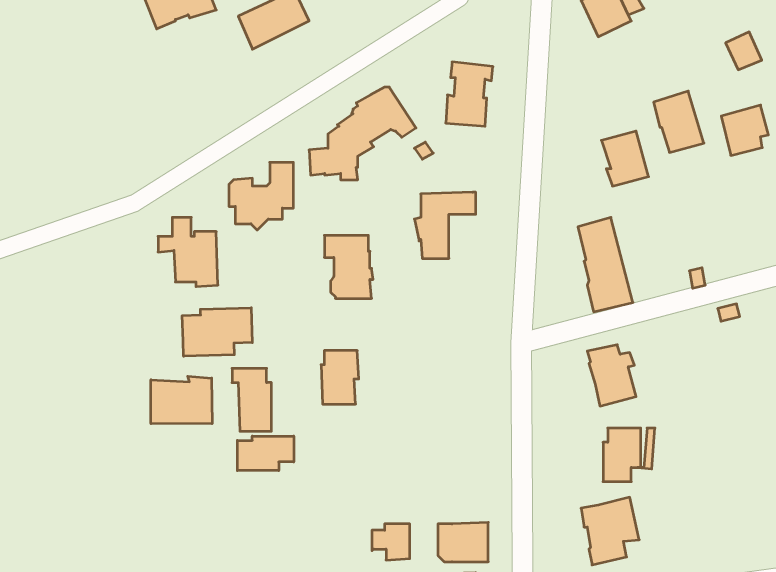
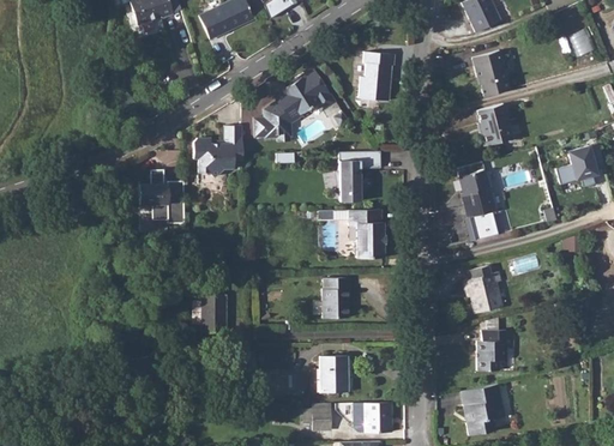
building: [654,91,704,152] -> [471,49,510,96]
building: [721,105,768,155] -> [567,143,603,181]
building: [324,235,373,298] -> [348,209,385,257]
building: [182,308,252,356] -> none
building: [321,351,359,404] -> [323,278,351,319]
building: [151,376,212,424] -> none
building: [237,436,294,471] -> none
building: none -> [319,355,347,392]

